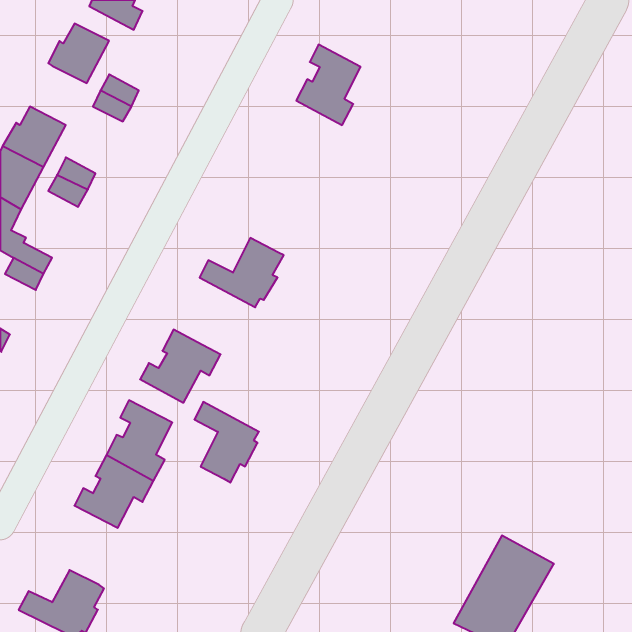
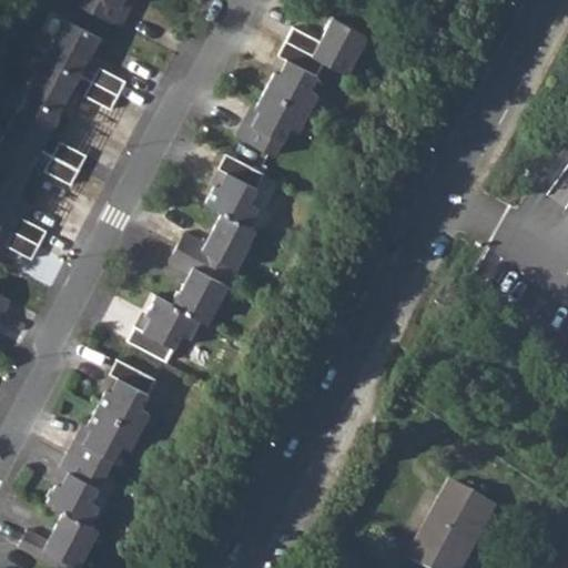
building: none -> [286,17,364,73]
building: none -> [24,60,79,113]
building: none -> [237,91,307,156]
building: none -> [209,154,267,227]
building: [194,402,259,483] -> [172,250,230,322]
building: none -> [47,454,106,525]

